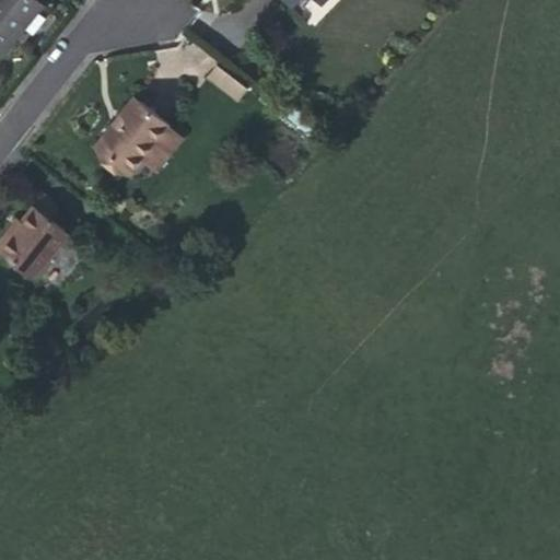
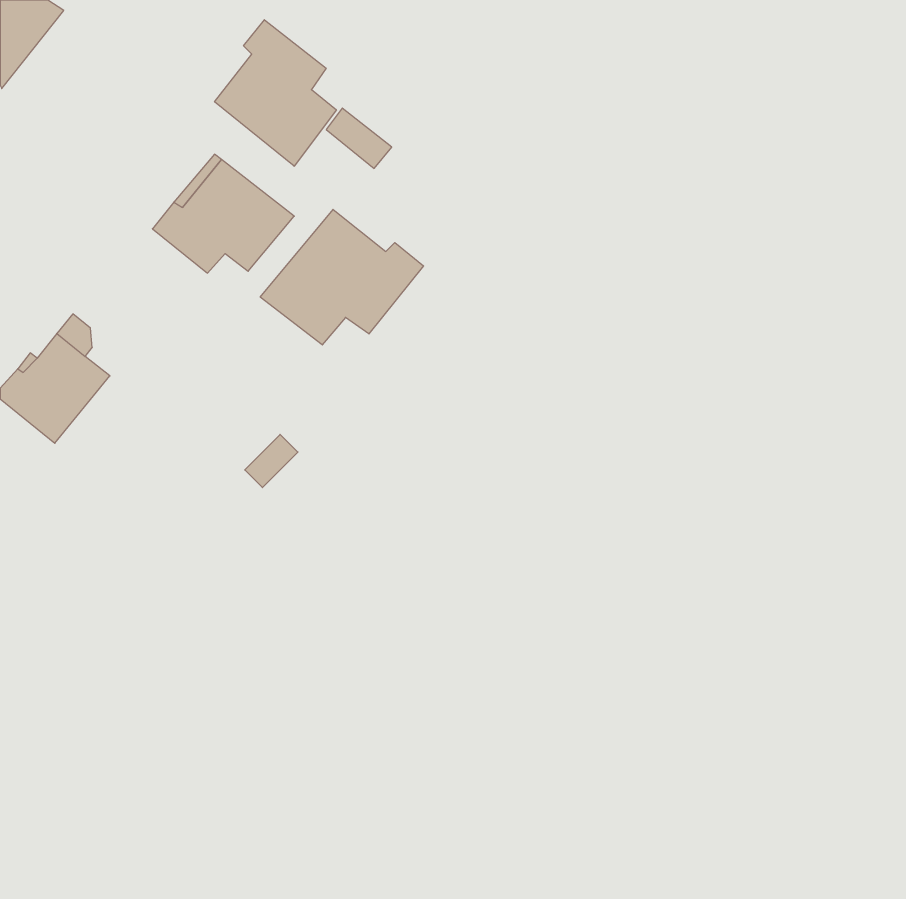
building: none -> [215,20,336,166]
building: none -> [260,209,424,345]

